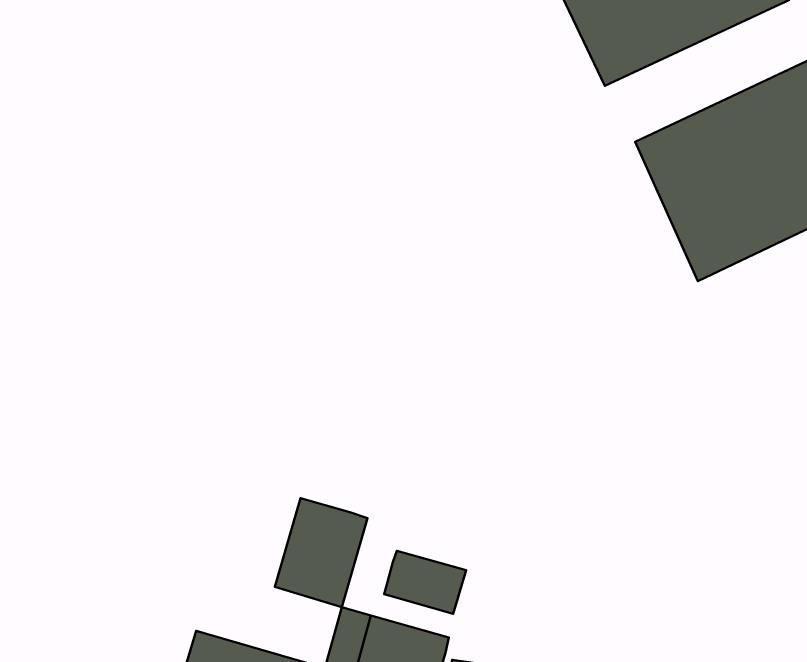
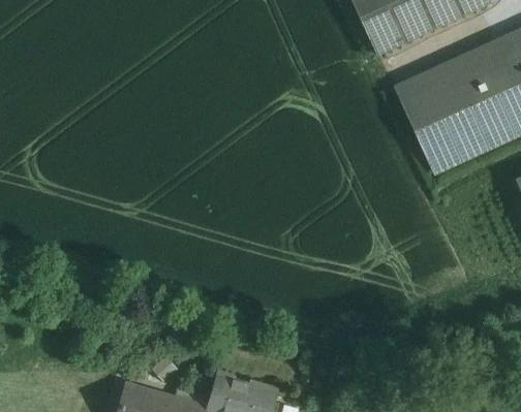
building: [275,498,368,607] -> none
building: [384,551,466,614] -> none

